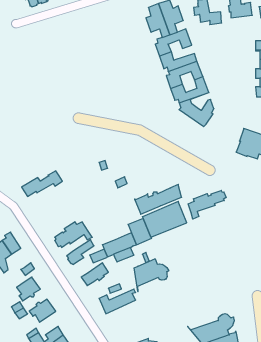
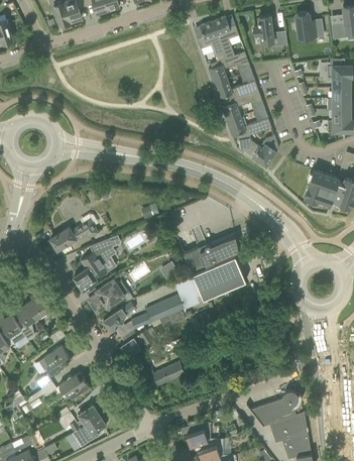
building: none -> [74,235,121,290]
building: [188,190,226,219] -> none
building: [134,259,169,292] -> none

